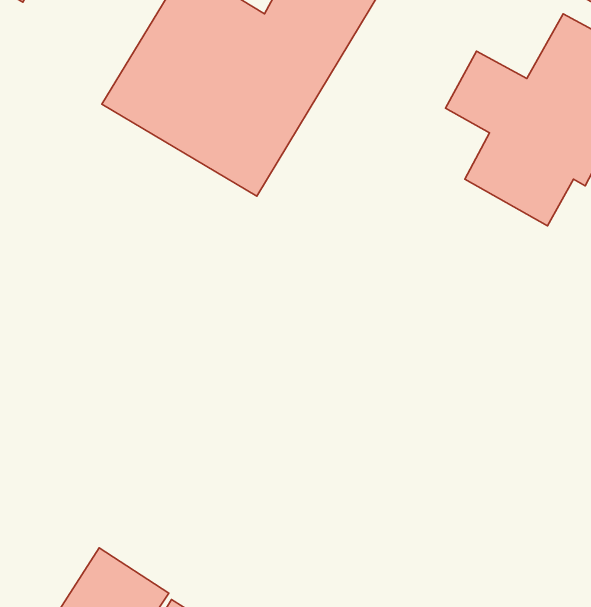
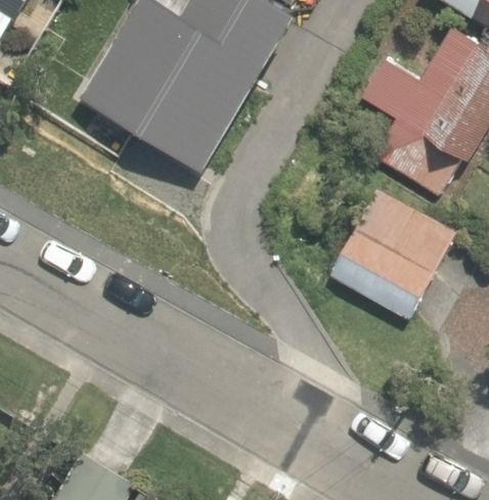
building: none -> [324,186,454,317]

